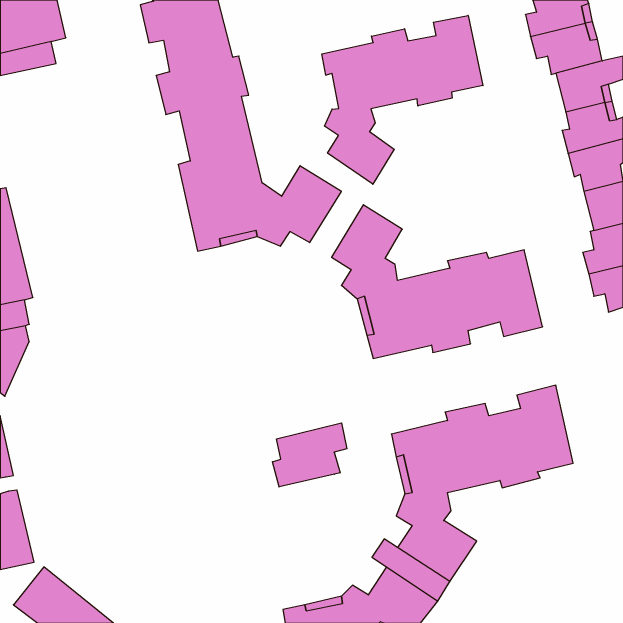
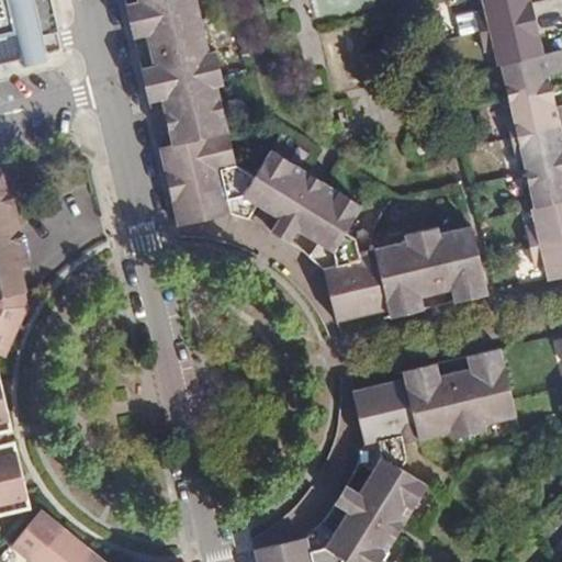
building: [322,15,483,184] -> none
building: none -> [271,172,327,243]
building: [272,423,347,487] -> none

